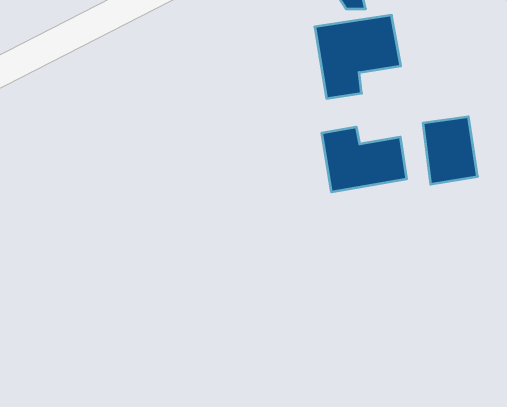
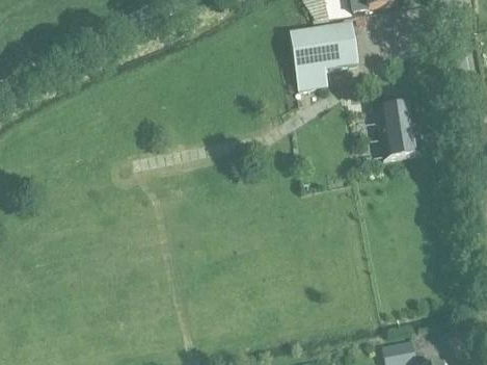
building: [322,127,406,192] -> none

